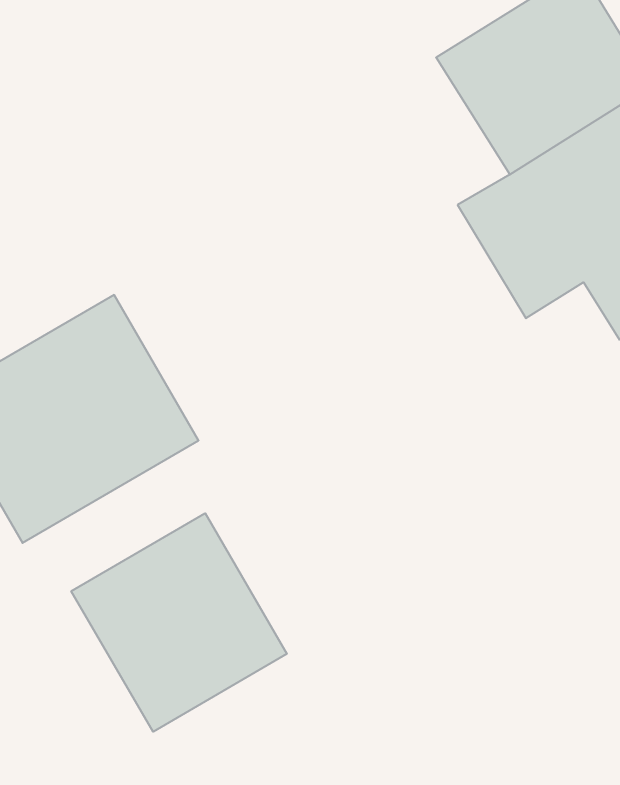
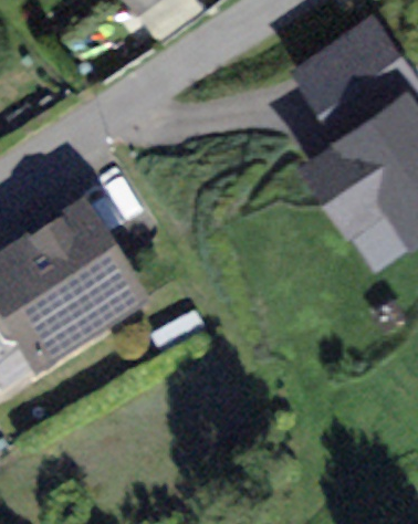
building: [71,513,287,732] -> none

